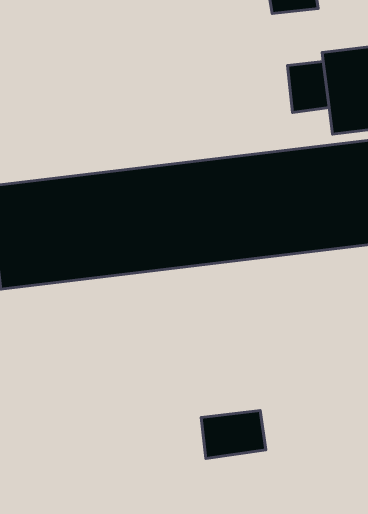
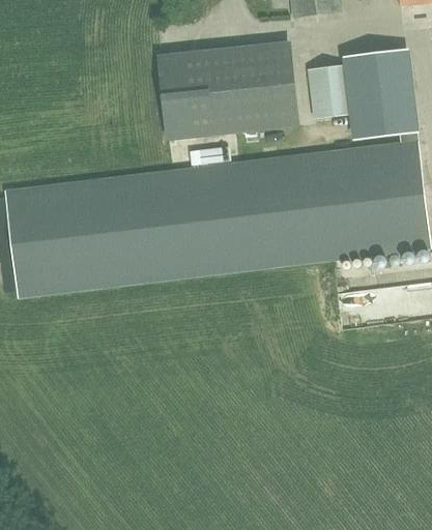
building: none -> [160,42,296,138]
building: [201,410,266,458] -> none

